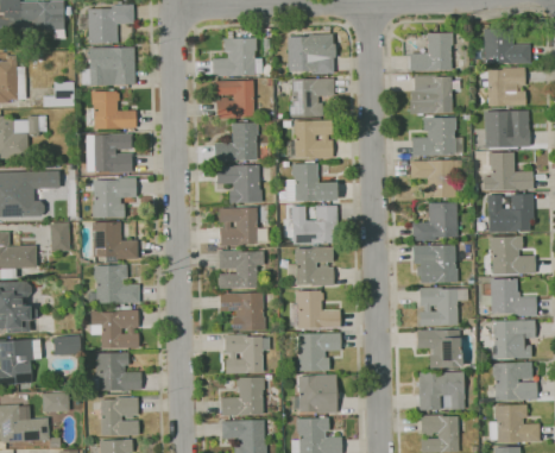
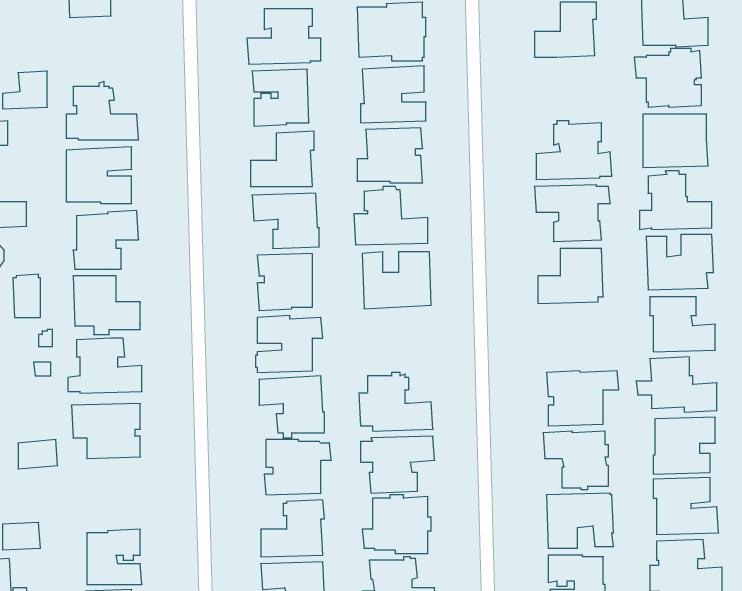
building: [82,46,135,86] -> none
building: [409,75,452,114] -> none
building: [412,245,458,283] -> none
building: [288,247,334,287] -> none
building: [96,352,141,391] -> none

